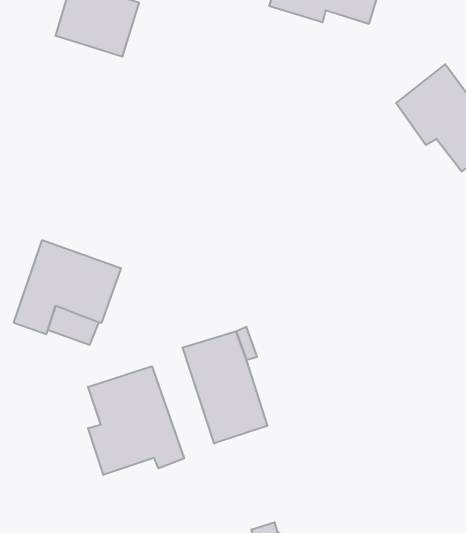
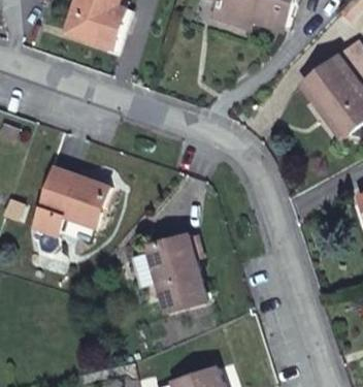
building: [88,366,184,475] -> none

